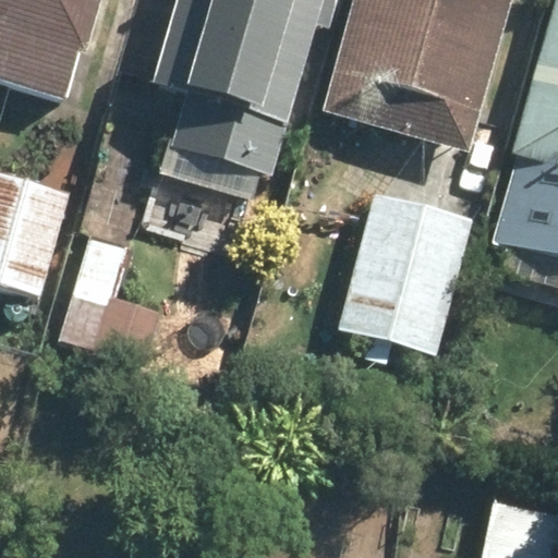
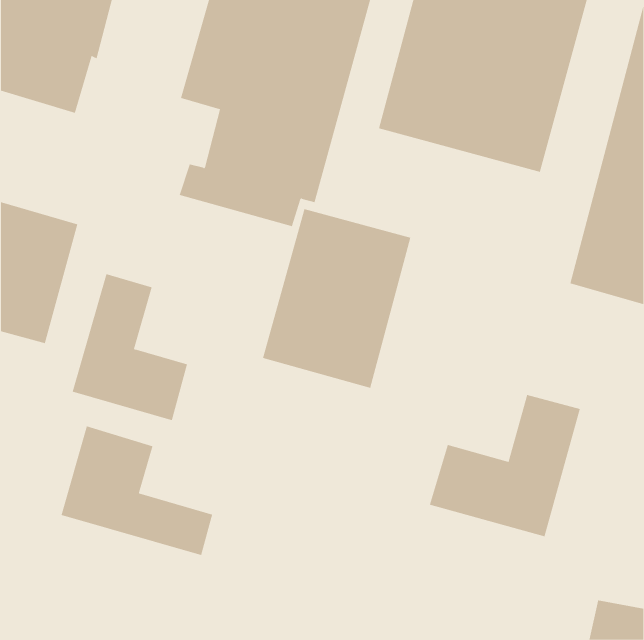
building: [339,197,468,353] -> [262,208,411,389]
building: none -> [429,394,581,537]
building: none -> [61,426,213,556]

